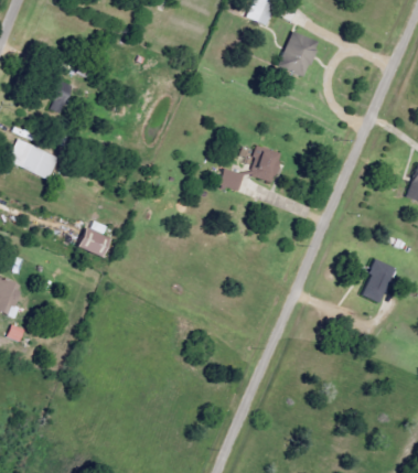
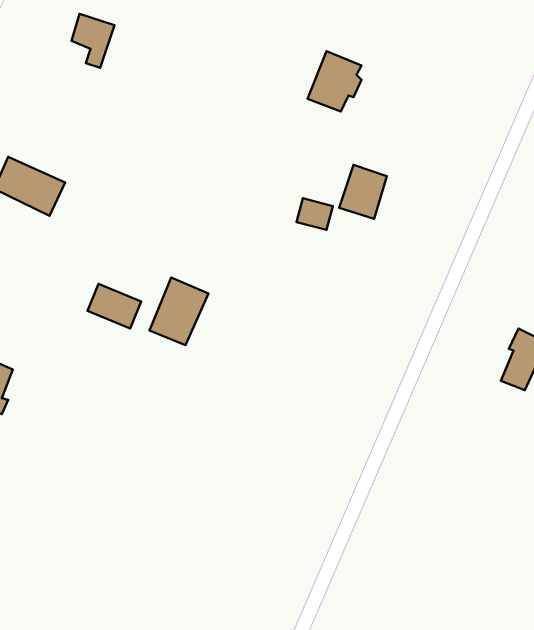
building: [279,35,317,77] -> [307,51,361,111]
building: [42,75,72,112] -> [72,14,114,68]
building: none -> [150,277,209,345]

